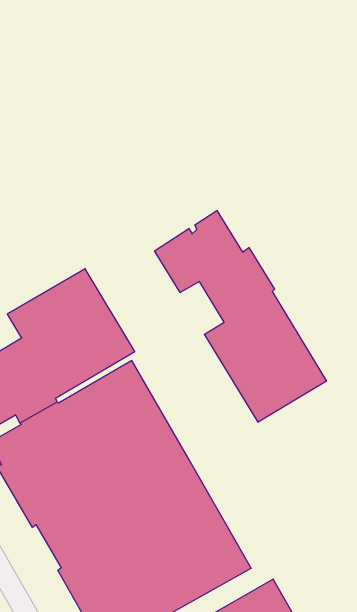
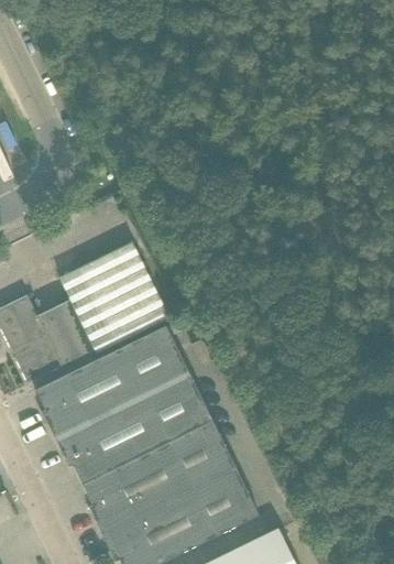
building: [155,211,326,422] -> none

